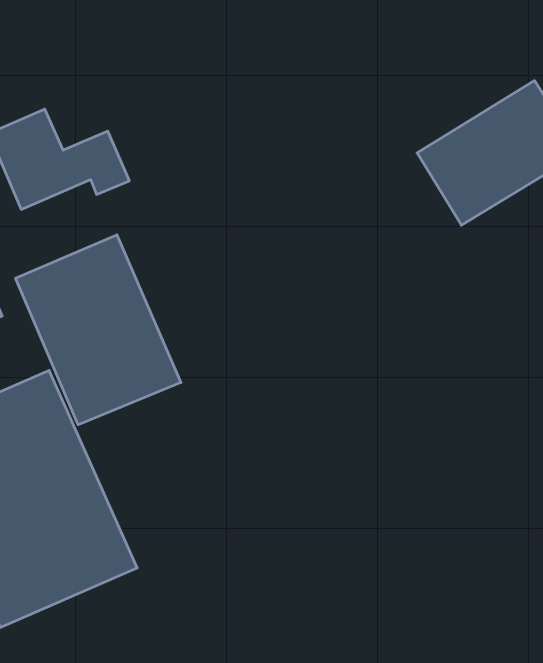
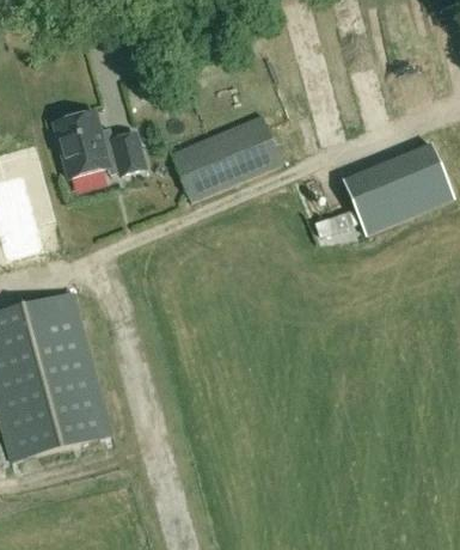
building: none -> [170,116,283,202]
building: [16,235,181,425] -> none

